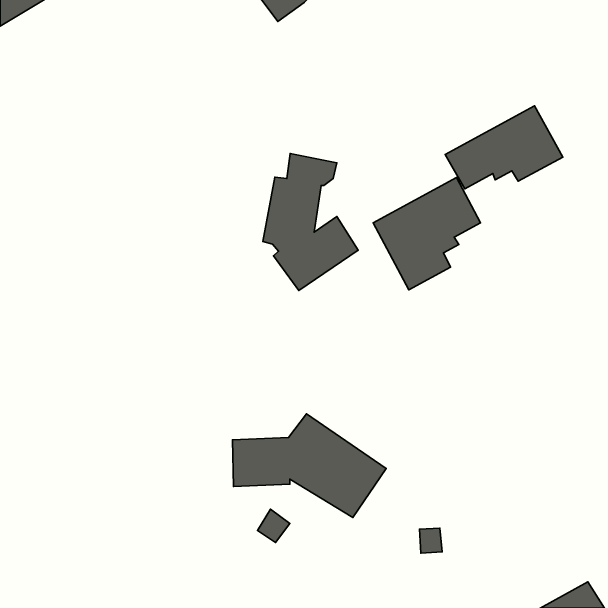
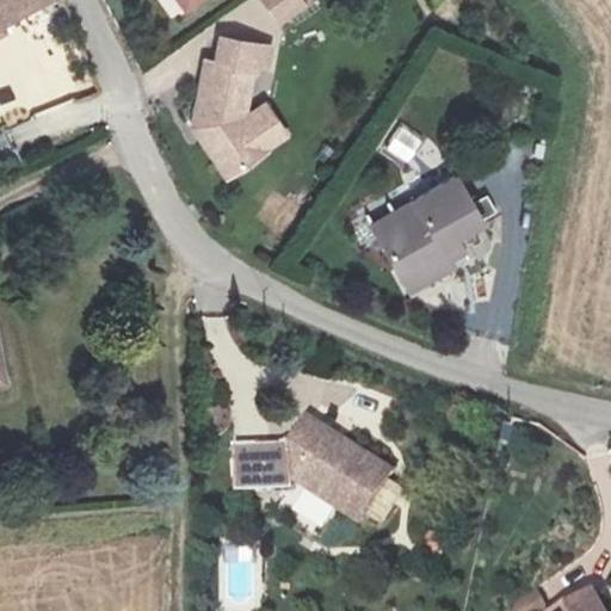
building: [445,106,563,189] -> none
building: [263,153,358,291] -> [195,39,290,177]

